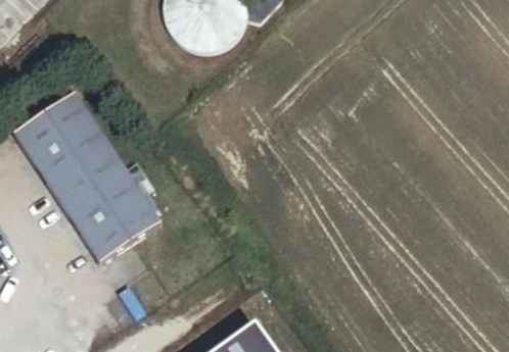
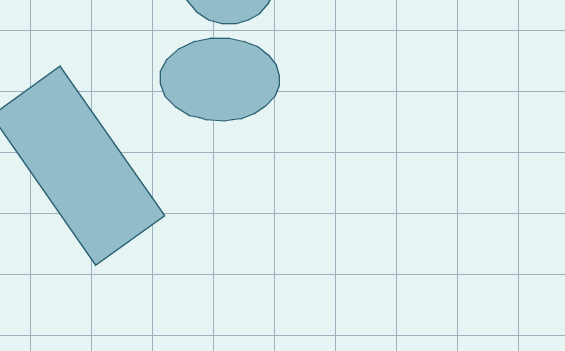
building: none -> [161,38,279,121]

